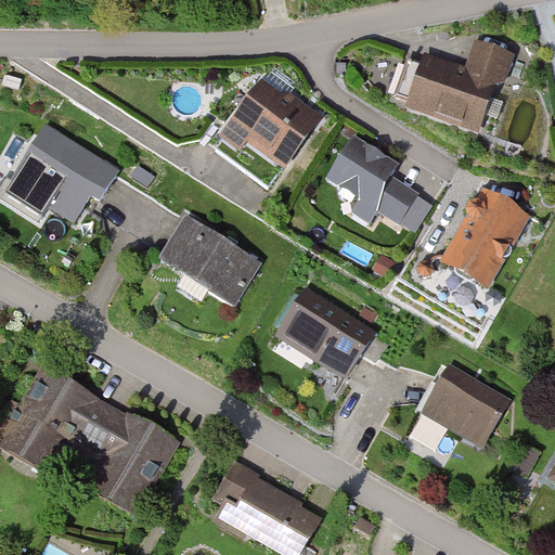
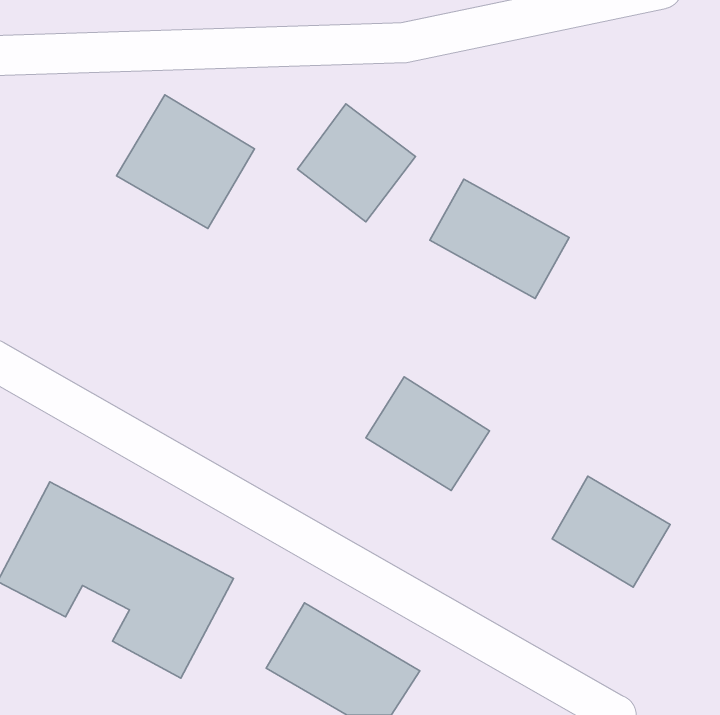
building: [405,40,508,131] -> none
building: [7,126,112,228] -> [117,95,255,228]
building: [441,188,529,287] -> none
building: [158,215,259,302] -> none

